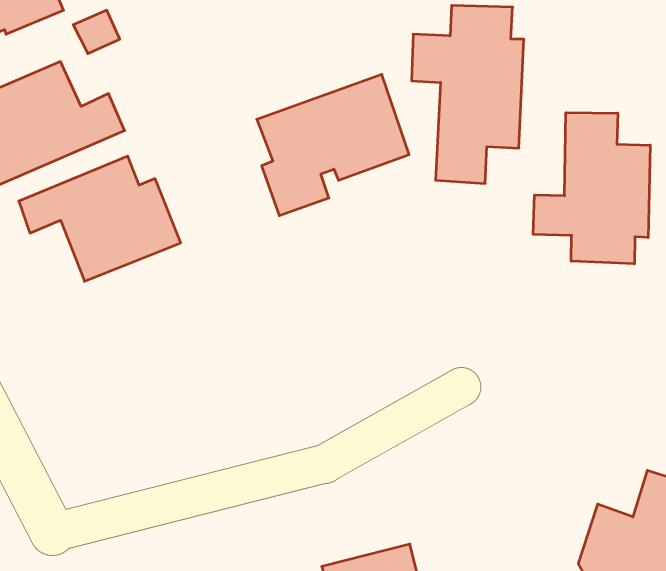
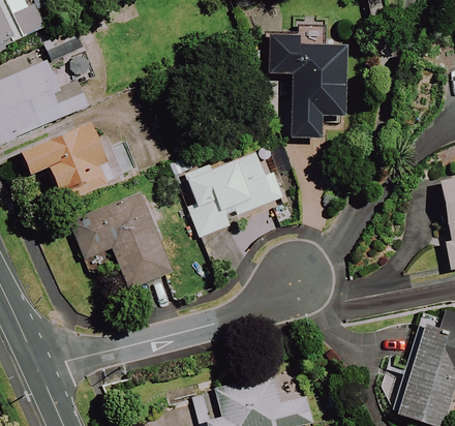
building: [257,74,409,216] -> [184,146,282,237]
building: [533,113,650,264] -> none
building: none -> [67,192,172,287]

